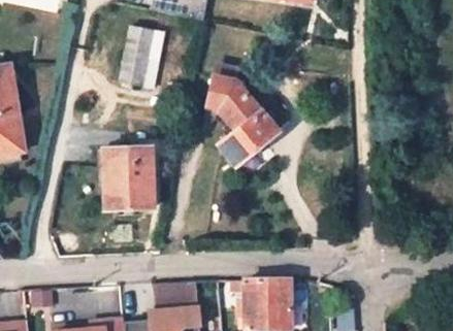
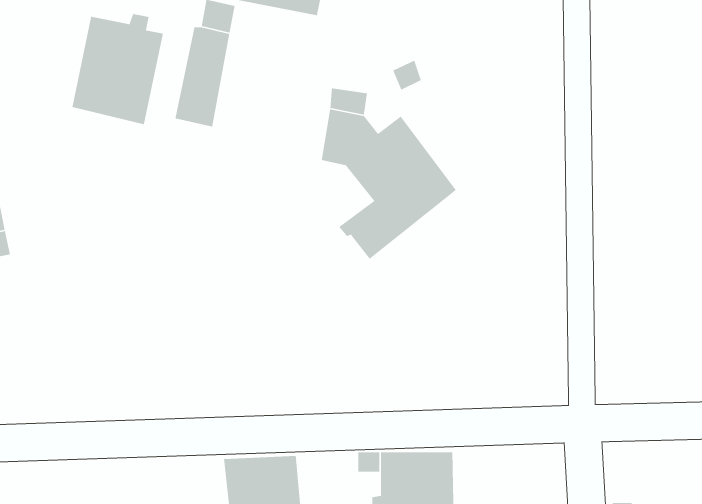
building: none -> [71,13,164,125]
building: [102,148,155,211] -> none

